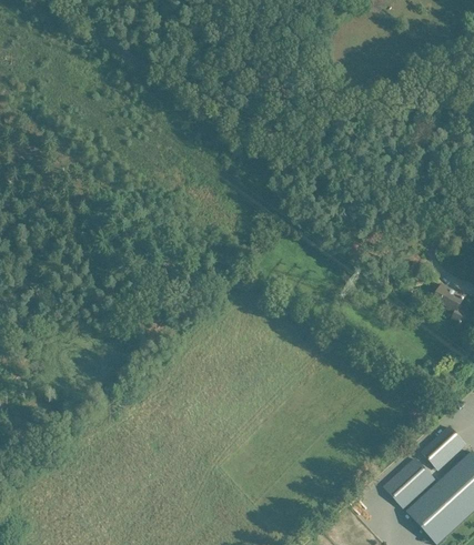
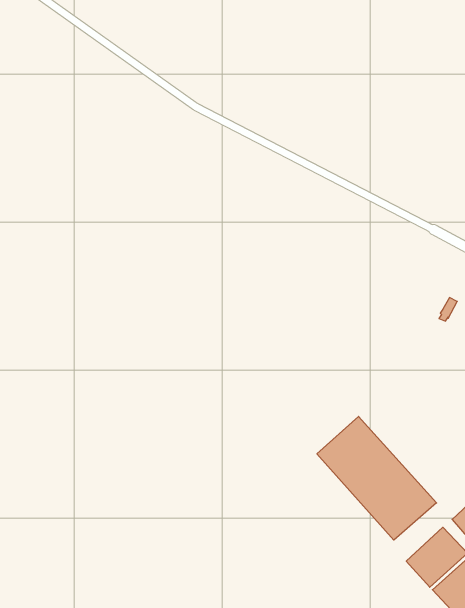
building: none -> [317,416,437,540]

